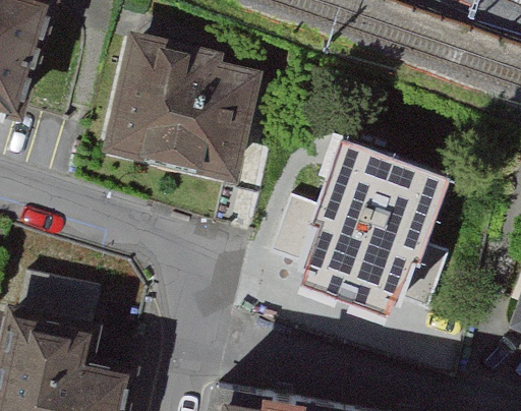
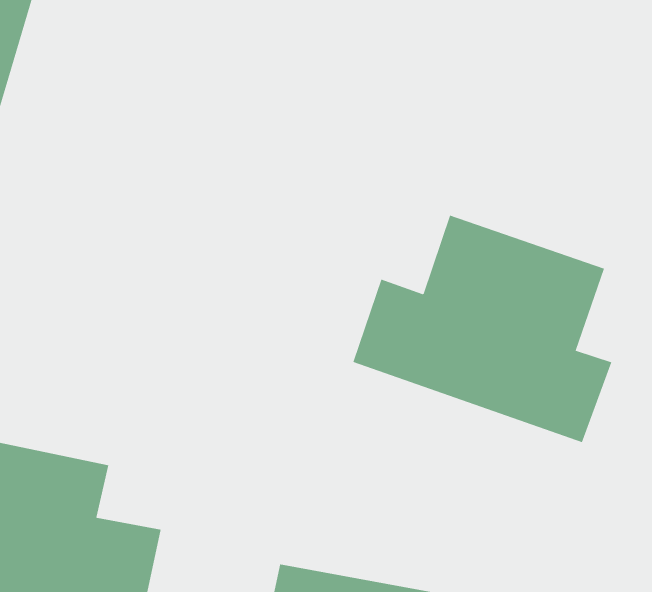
building: [108,38,254,172] -> none

